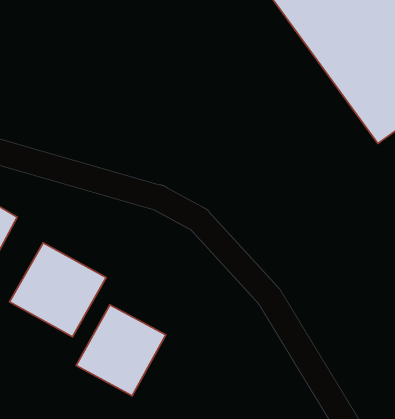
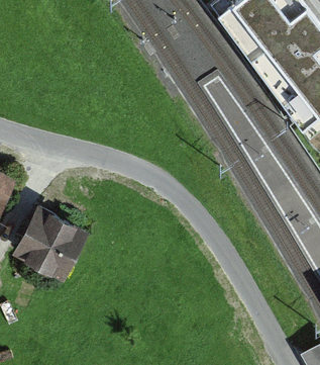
building: [76,305,166,396] -> none

